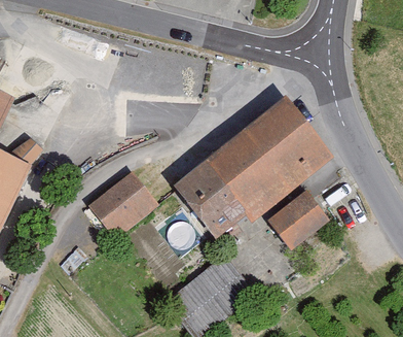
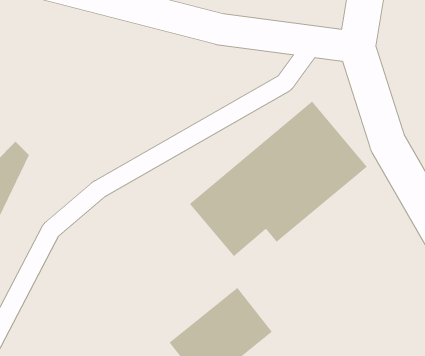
building: [89,168,158,234] -> none
building: [260,198,319,255] -> none

